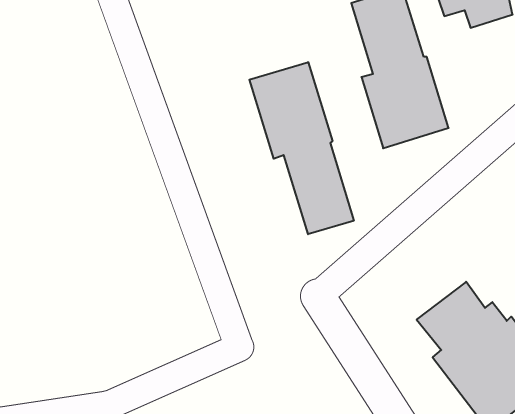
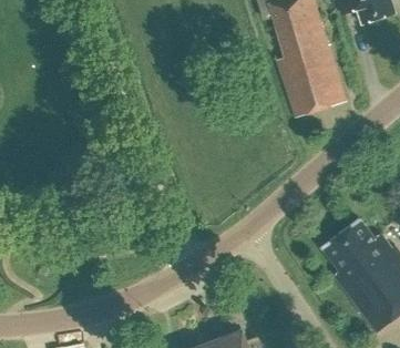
building: [249,62,354,234] -> none

